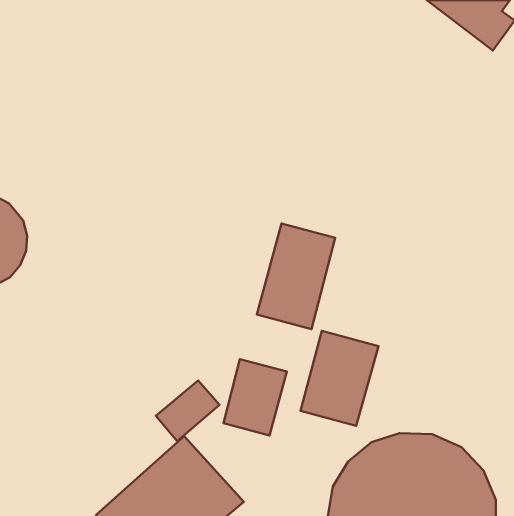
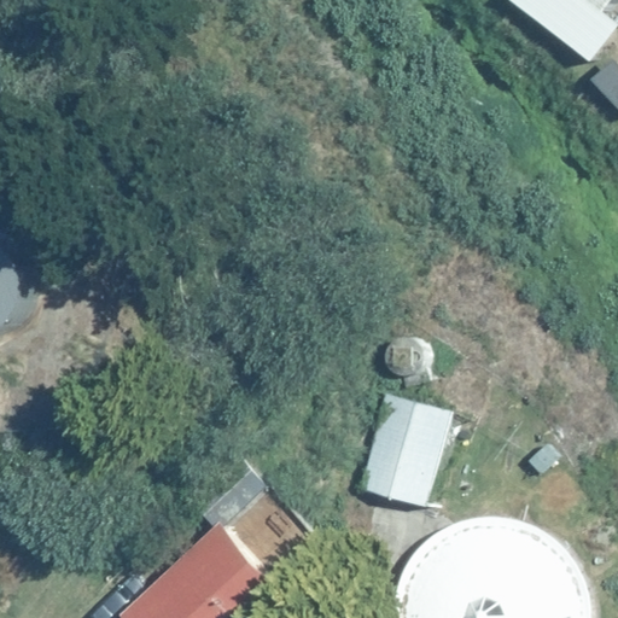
building: [257,224,335,329] -> none
building: [223,359,287,435] -> none

